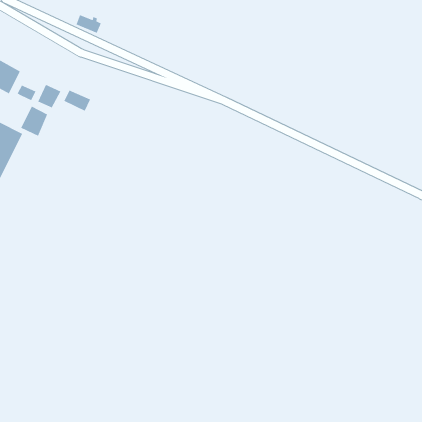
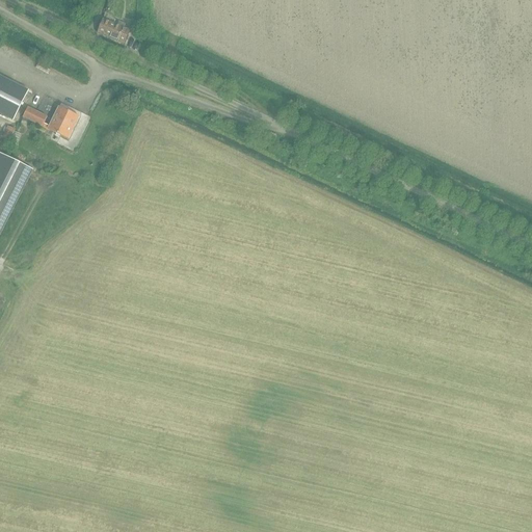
building: [63,89,91,112] -> none
building: [20,106,48,137] -> none

